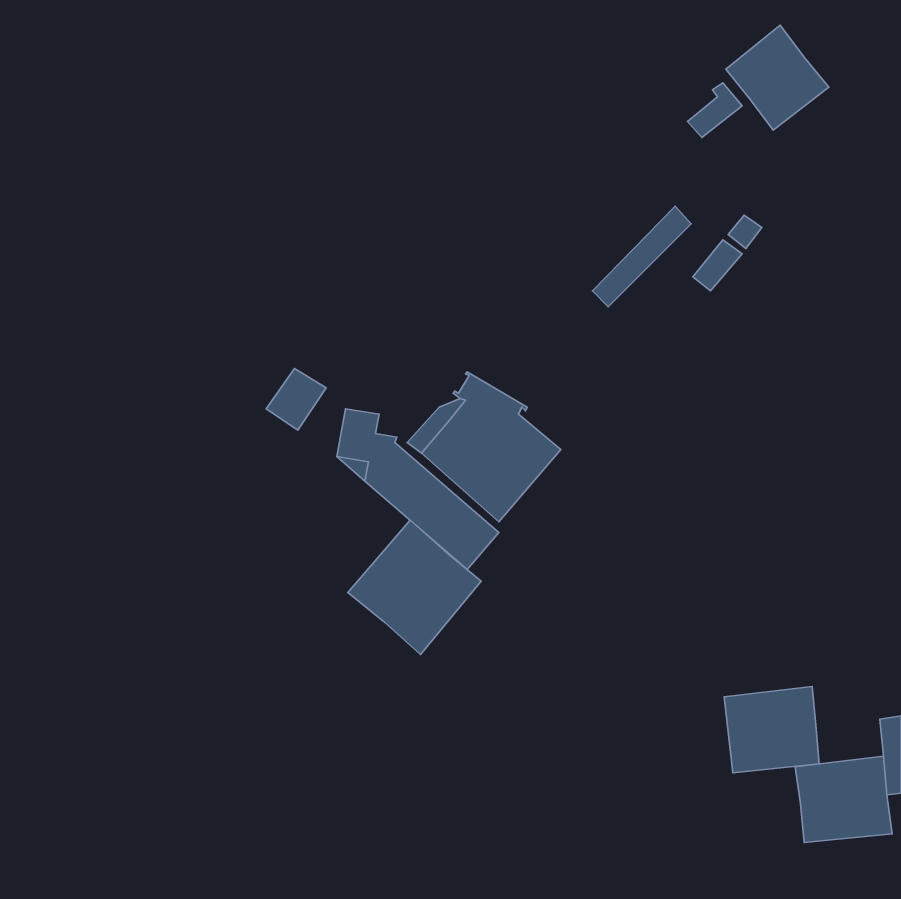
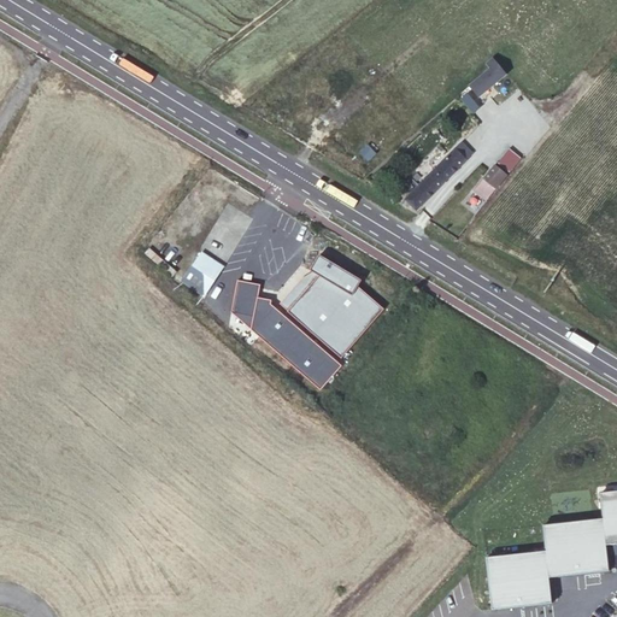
building: [726,25,829,130] -> none
building: [348,520,481,654] -> none
building: [724,686,819,773] -> [487,550,552,609]

